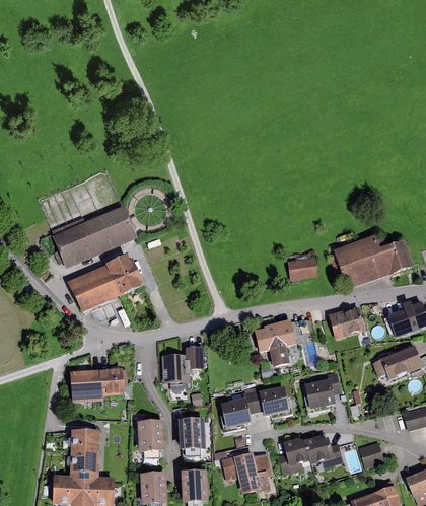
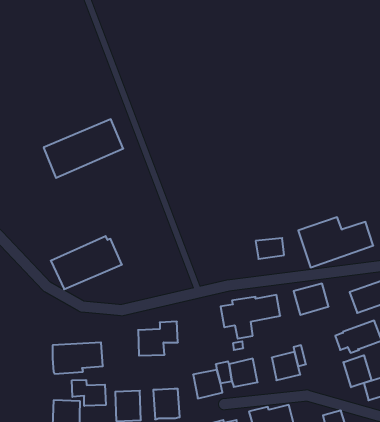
building: [52,205,137,268] -> [44,119,123,178]
building: none -> [343,355,372,387]
building: none -> [72,380,106,406]

